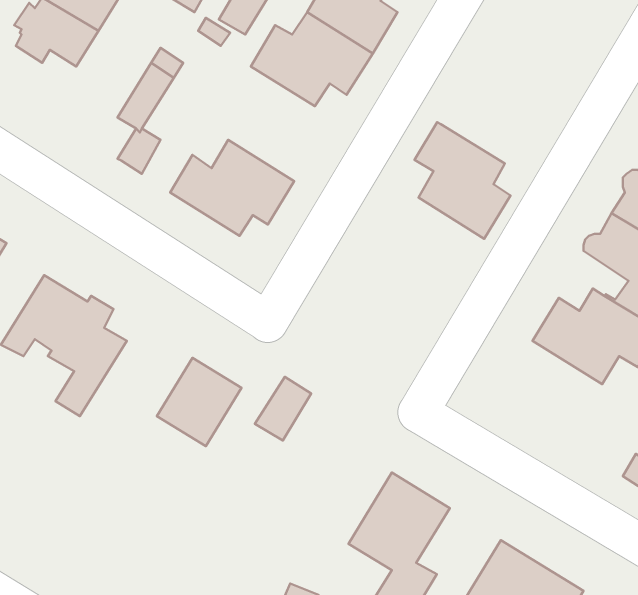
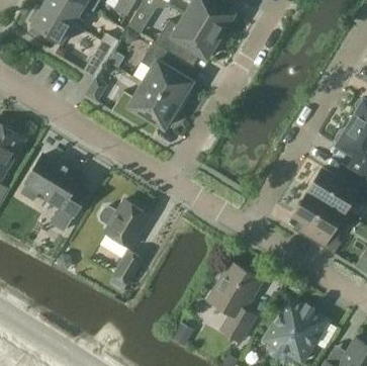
building: [415,122,510,239] -> [142,42,193,105]
building: none -> [293,191,345,255]
building: [255,377,311,441] -> [112,249,143,283]

